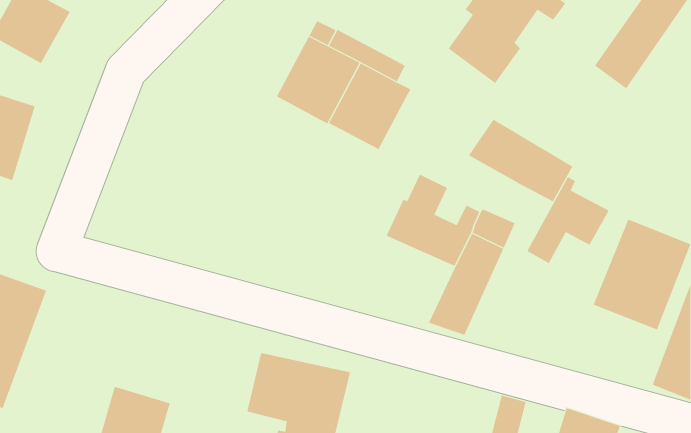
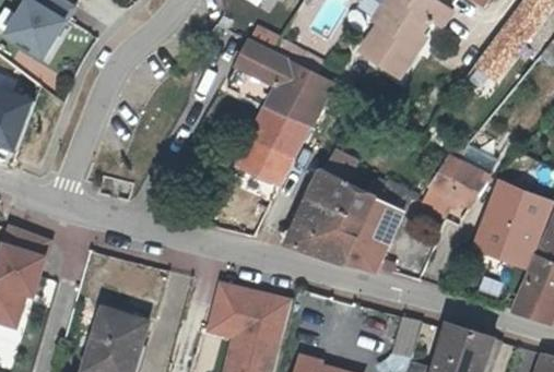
building: [468,119,573,202] -> none
building: none -> [237,107,307,185]
building: none -> [287,194,366,262]

